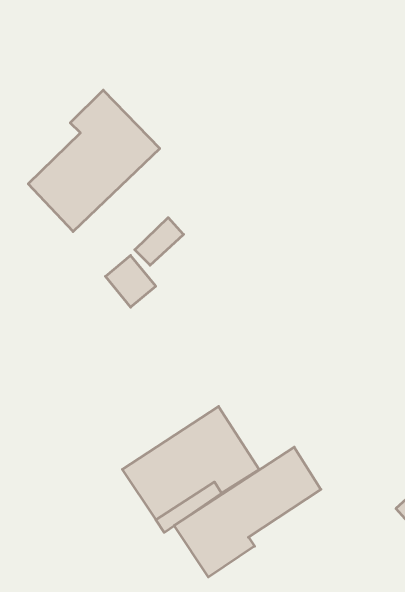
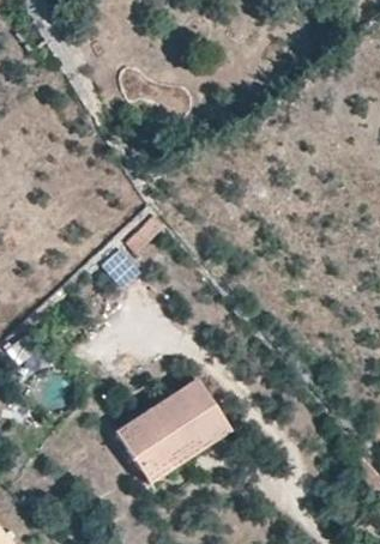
building: [28,90,160,232] -> none
building: [174,447,321,577] -> none

